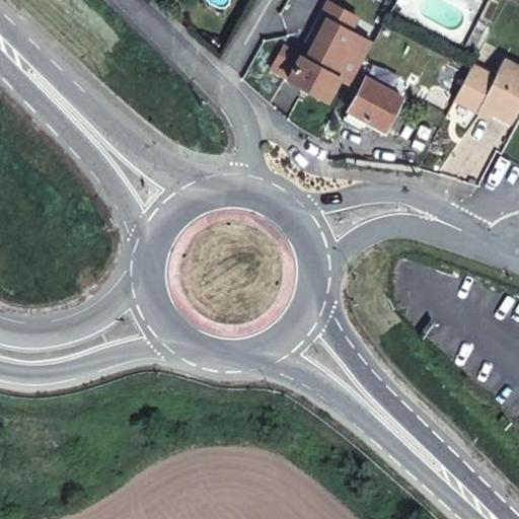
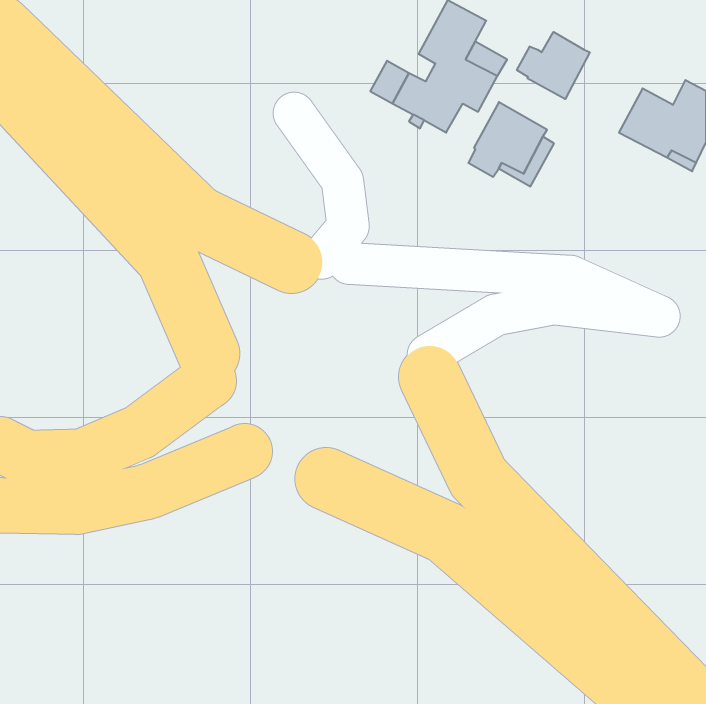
building: none -> [517,32,590,99]

